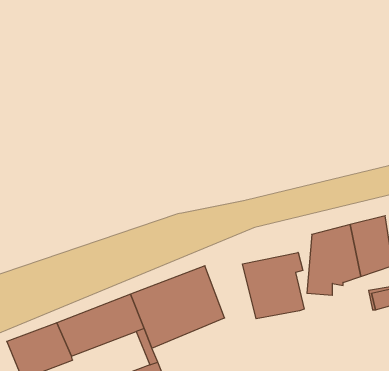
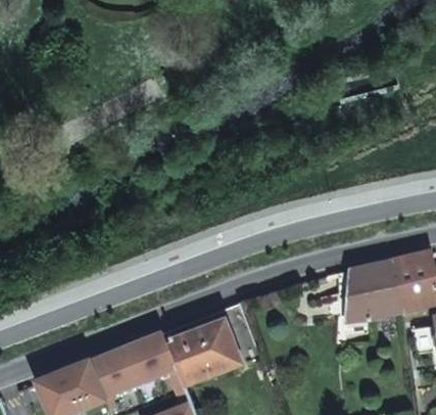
building: [243,252,304,319] -> none

